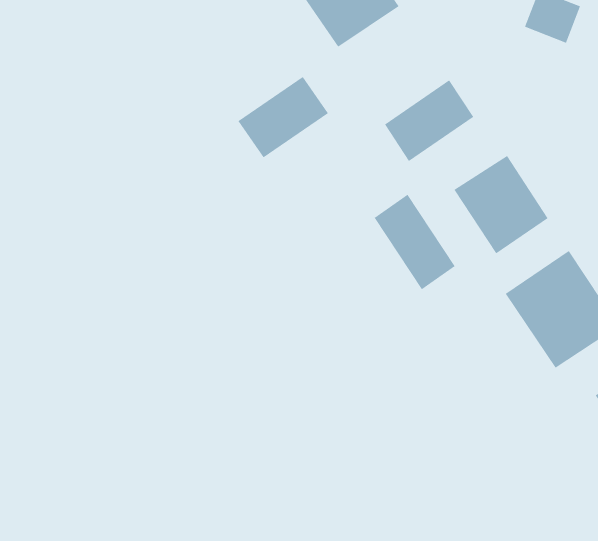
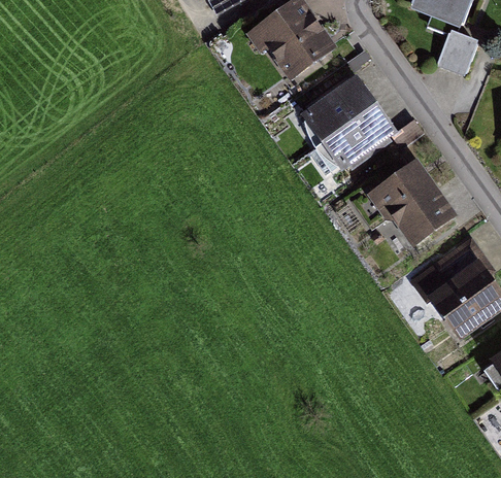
building: [238,76,329,158] -> [301,76,374,142]
building: [374,194,455,290] -> none

